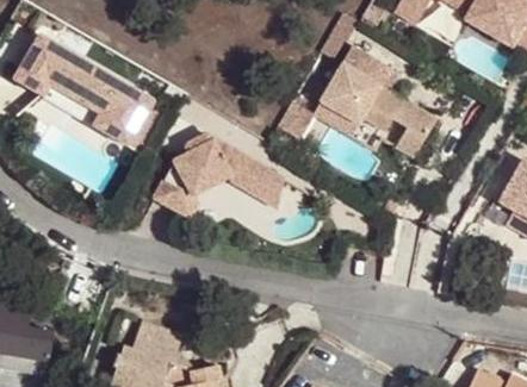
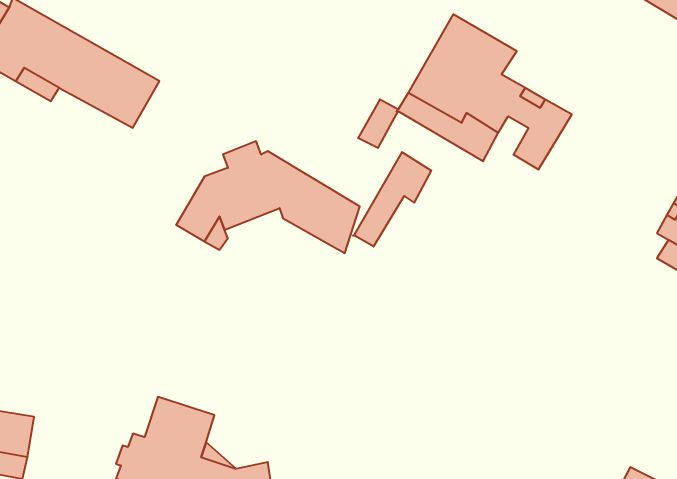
building: none -> [353,152,431,247]

